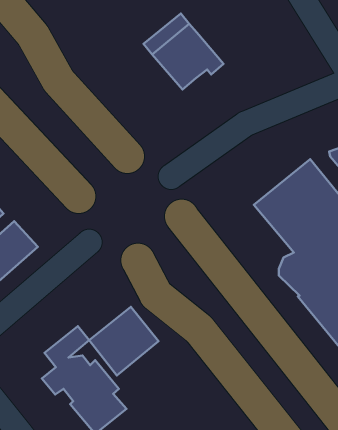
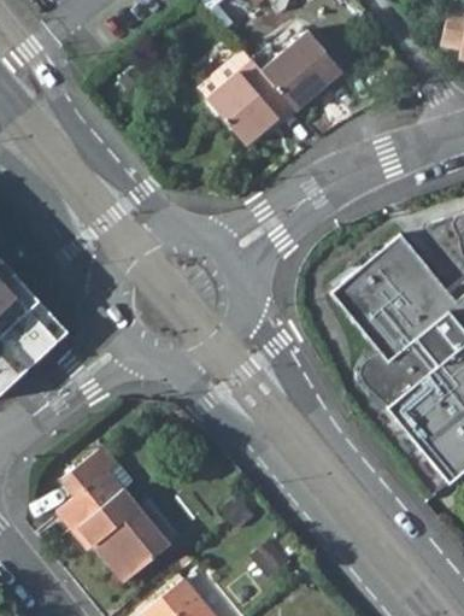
building: none -> [260,36,343,112]
building: [89,307,158,375] -> none

